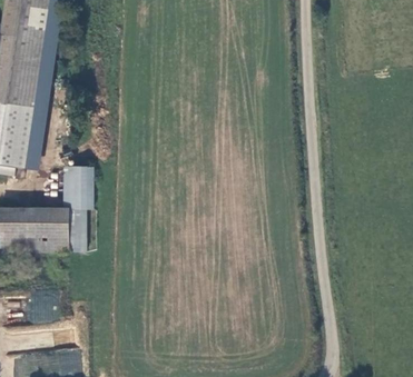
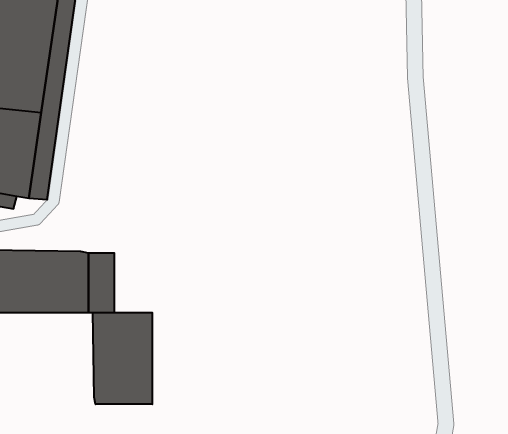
building: [62,166,95,208] -> none
building: none -> [93,313,152,404]

